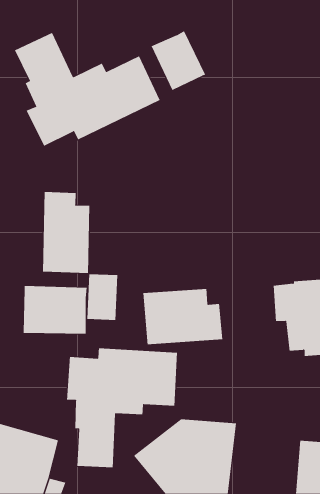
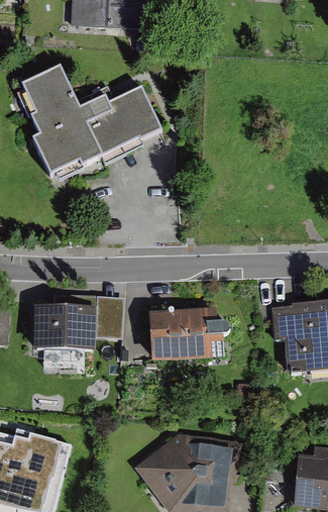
building: [151,30,206,91] -> none
building: [42,191,90,274] -> none
building: [67,348,177,468] -> none

